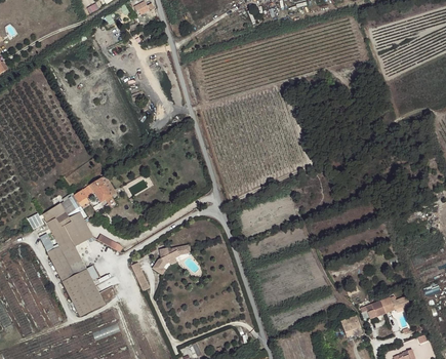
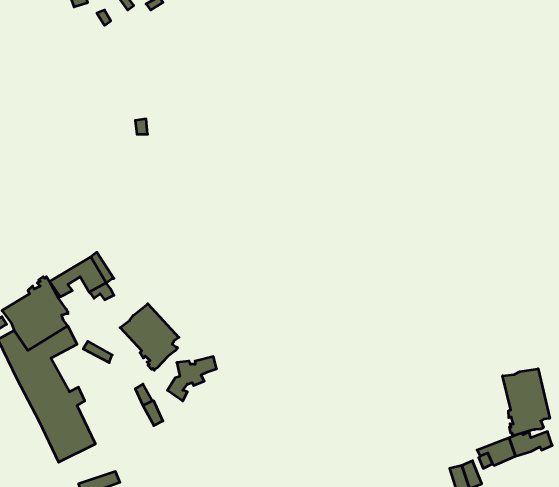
building: none -> [120,304,179,370]
building: none -> [503,369,550,435]

